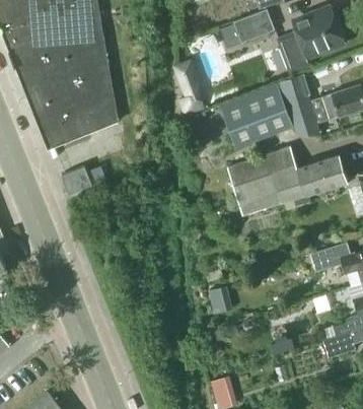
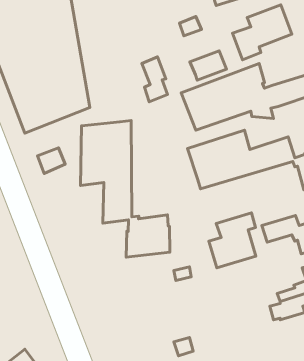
building: [236,10,277,43] -> [190,51,227,80]
building: none -> [81,120,170,257]
building: none -> [209,213,256,268]

